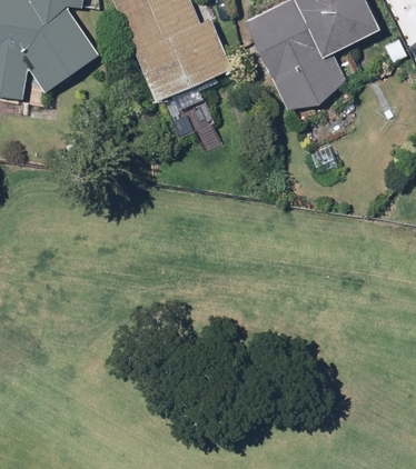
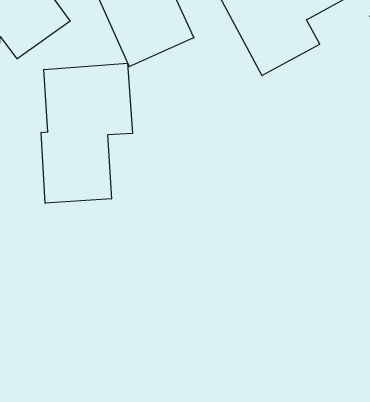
building: none -> [41,63,132,203]

